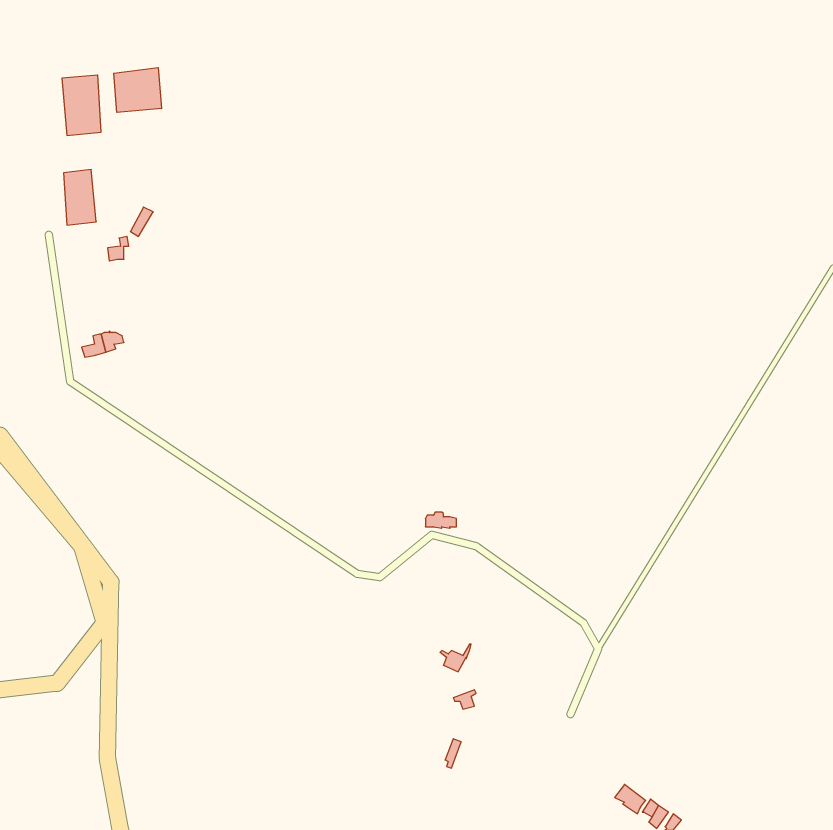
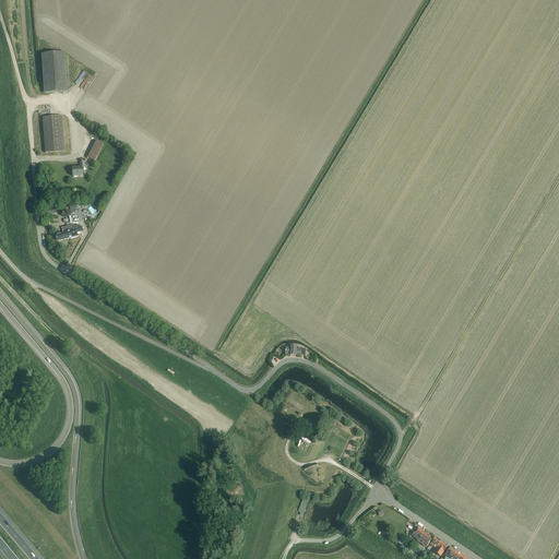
building: [114,68,162,112] -> none

